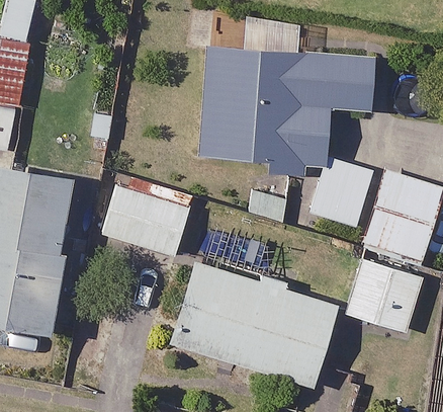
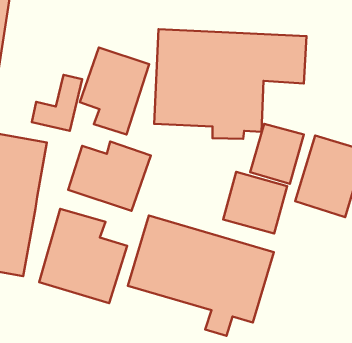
building: none -> [80,47,149,134]
building: none -> [39,209,127,303]
building: [347,261,421,332] -> [223,172,287,234]

